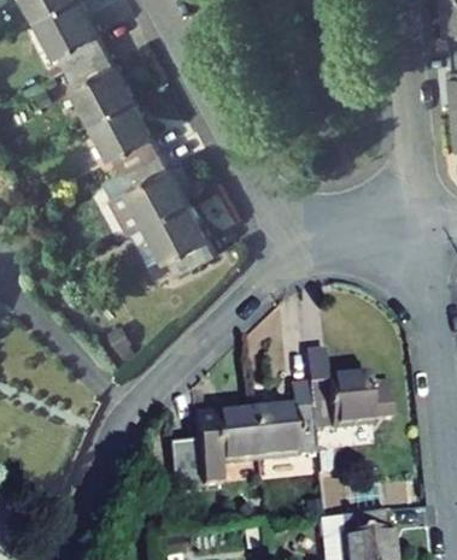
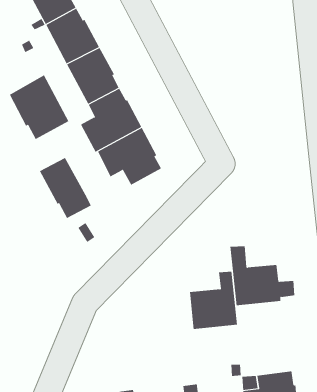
building: none -> [9,74,69,140]
building: none -> [39,157,92,219]
building: [165,412,256,491] -> none

